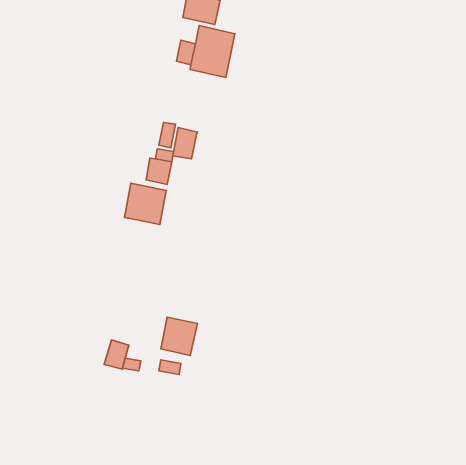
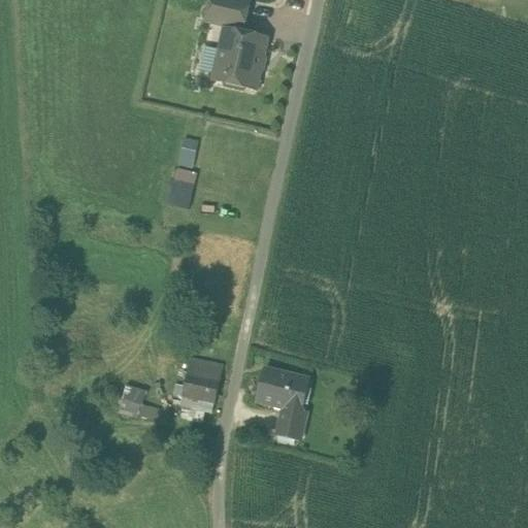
building: [173,128,197,159] -> none
building: [125,183,166,225] -> none
building: none -> [257,368,308,442]

